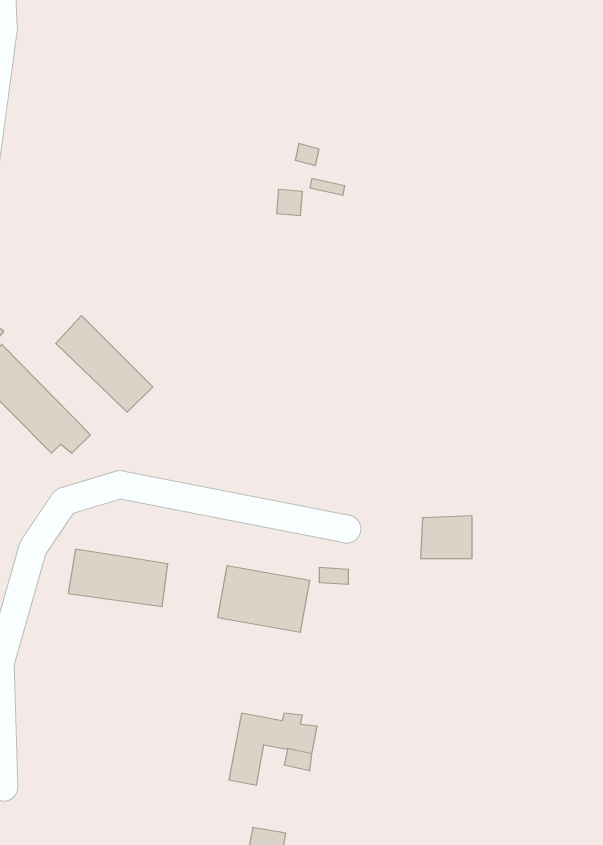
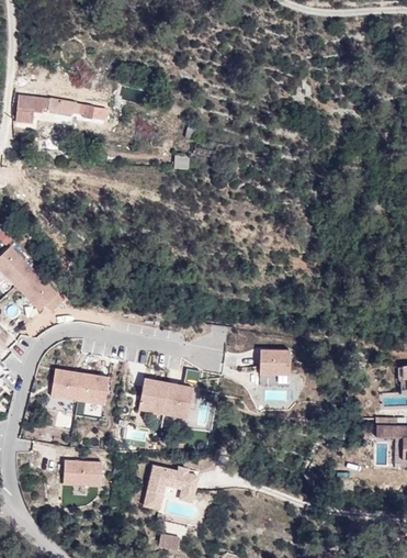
building: none -> [15,94,102,123]
building: [56,316,153,412] -> none
building: none -> [63,460,102,484]

